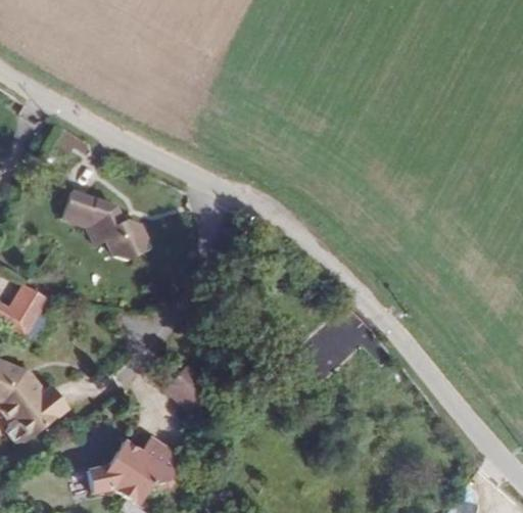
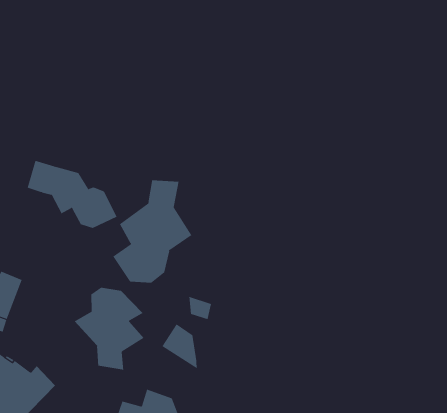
building: none -> [112,179,192,284]
building: none -> [74,287,144,371]

